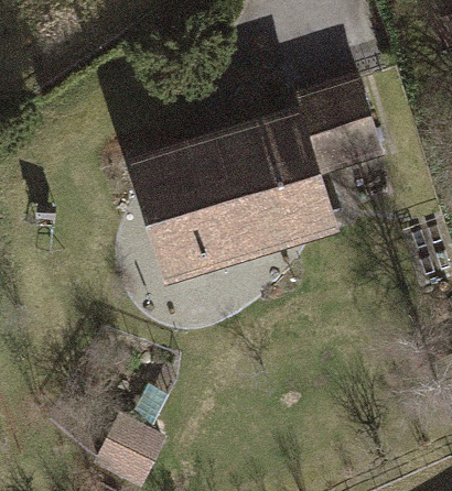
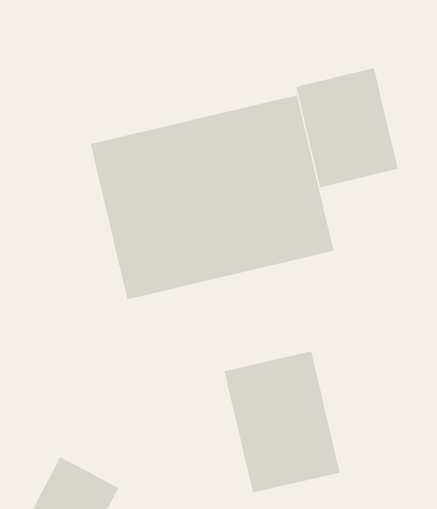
building: none -> [223,350,341,493]

